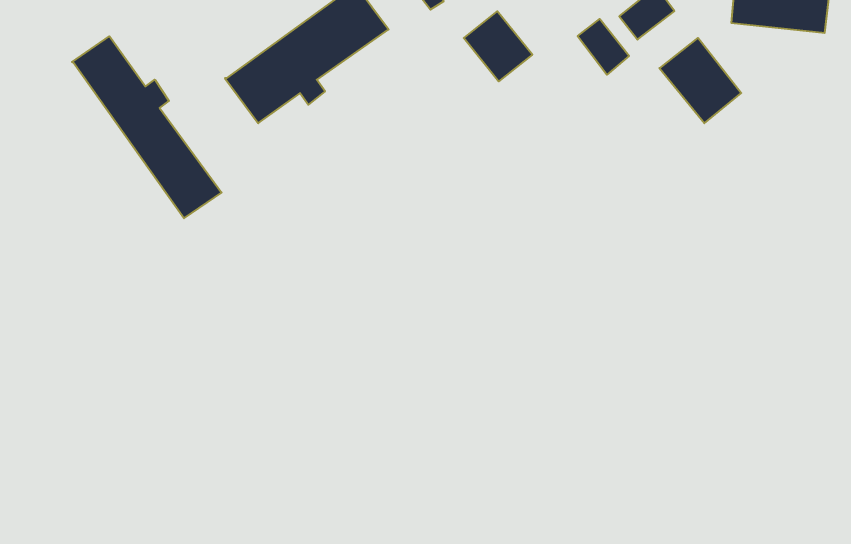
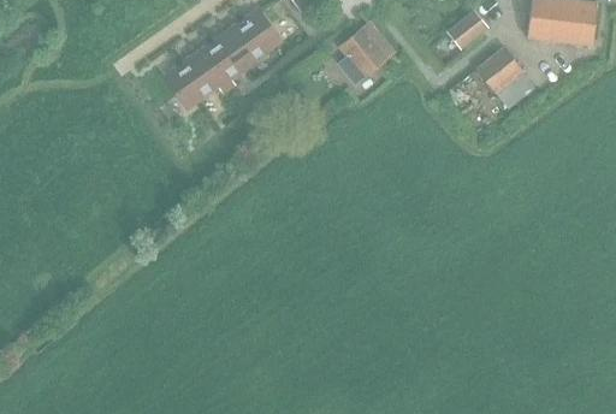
building: [578,19,629,75] -> none
building: [72,36,222,218] -> none

